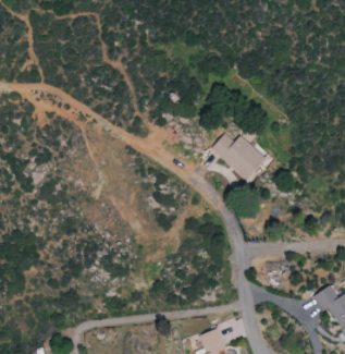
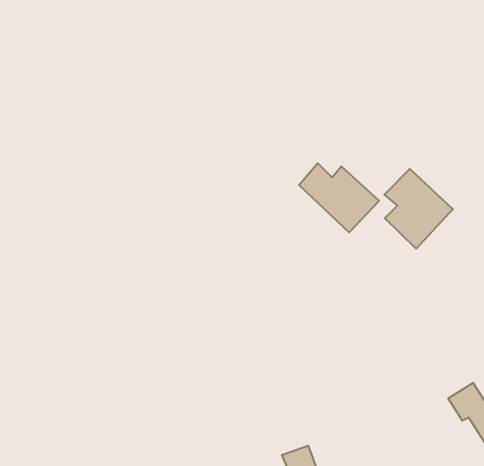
building: none -> [384,169,453,249]

